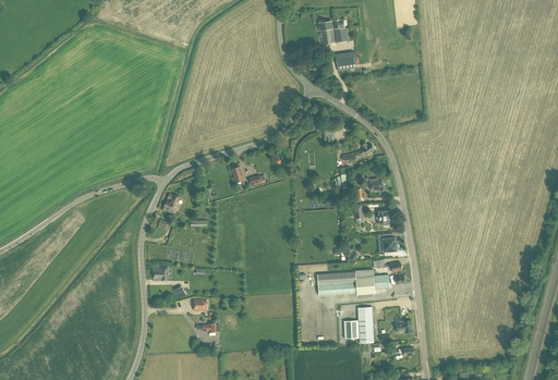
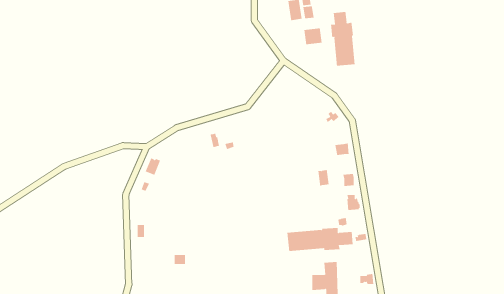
building: none -> [330,11,355,66]

